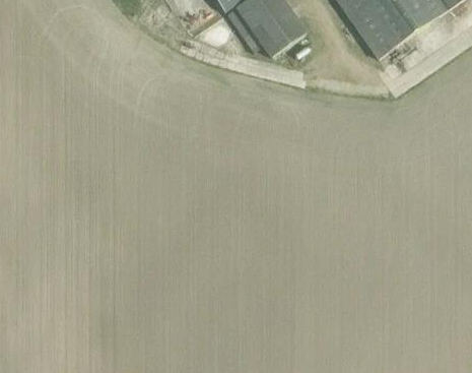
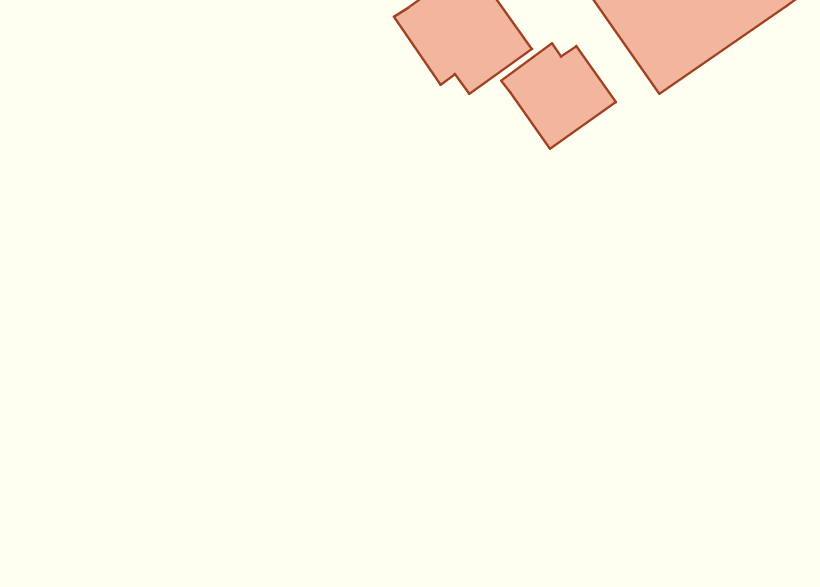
building: none -> [501,43,616,149]

